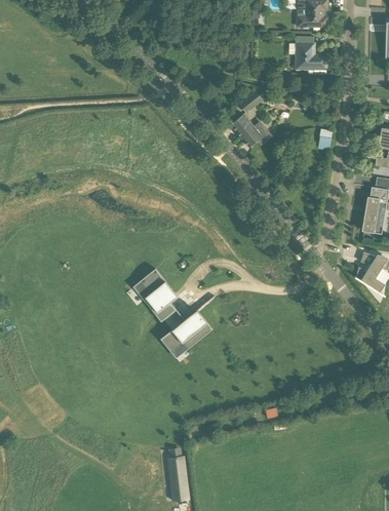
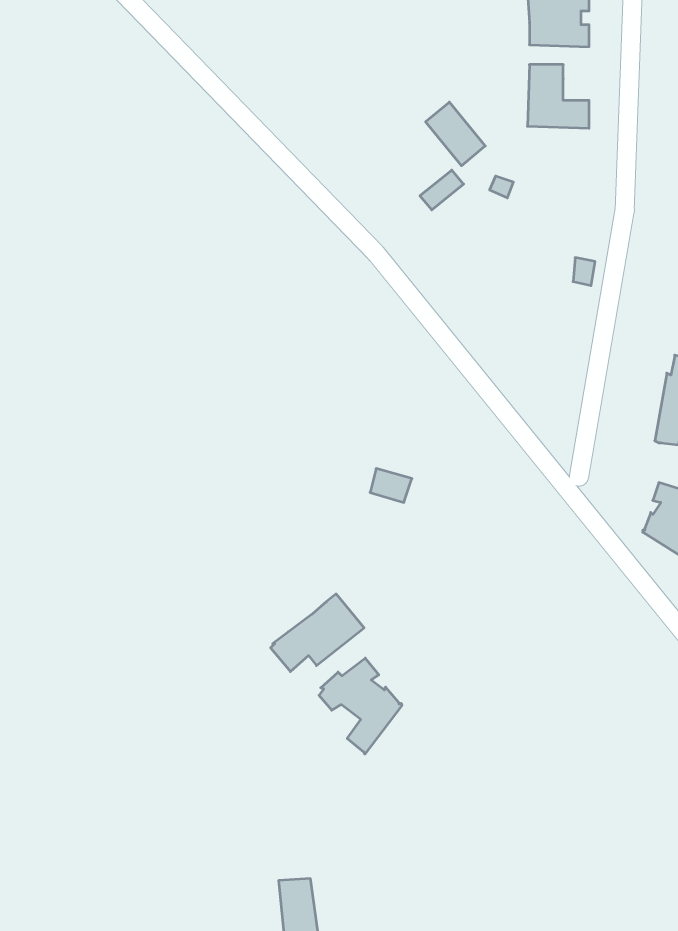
building: [231,115,262,148] -> [426,102,485,166]
building: [142,271,178,320] -> none
building: none -> [319,658,402,754]

